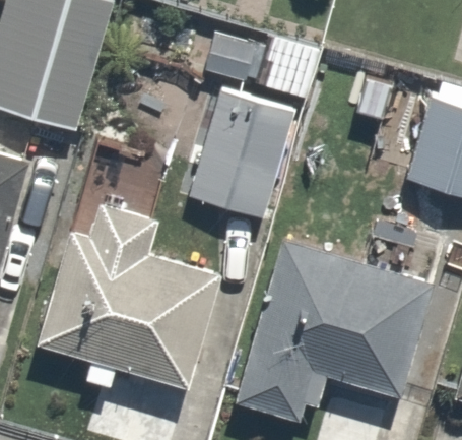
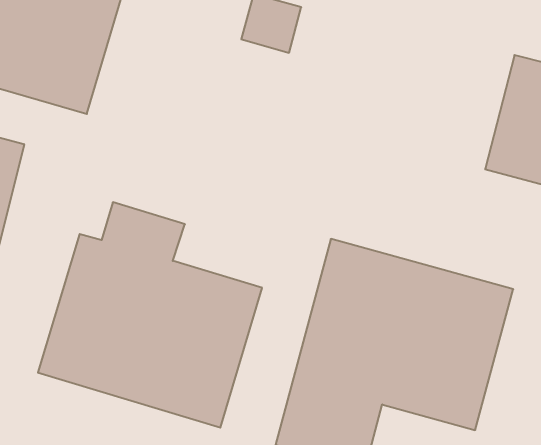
building: [186,88,296,224] -> none

